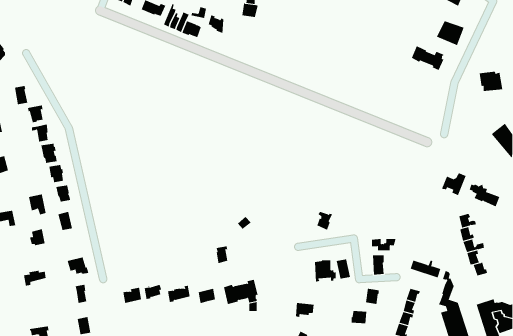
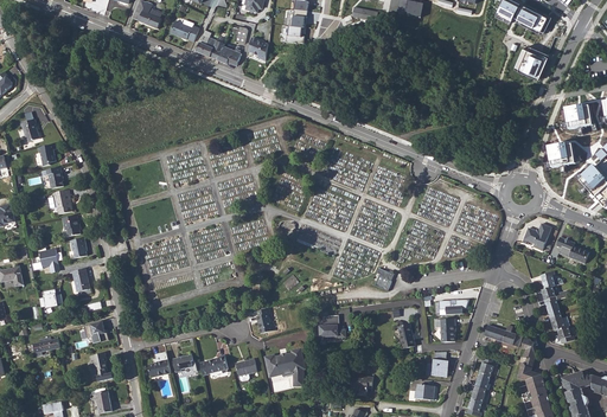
building: [411,46,444,71] -> none
building: none -> [548,143,575,167]
building: [314,260,336,282] -> [319,315,345,341]

